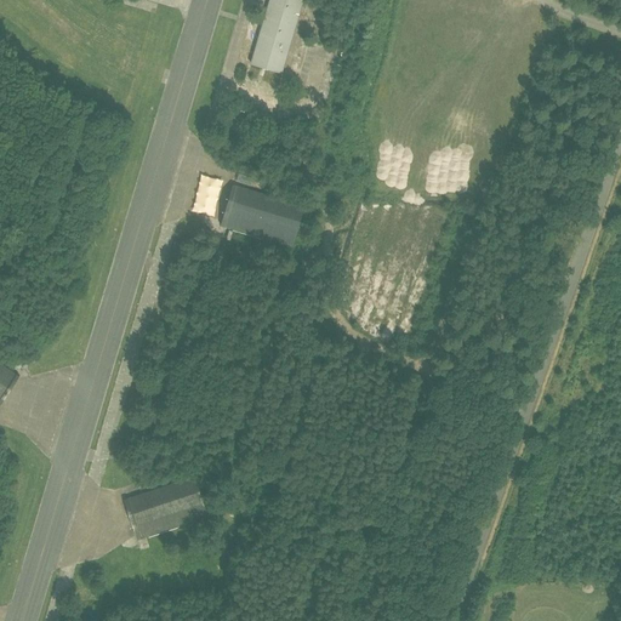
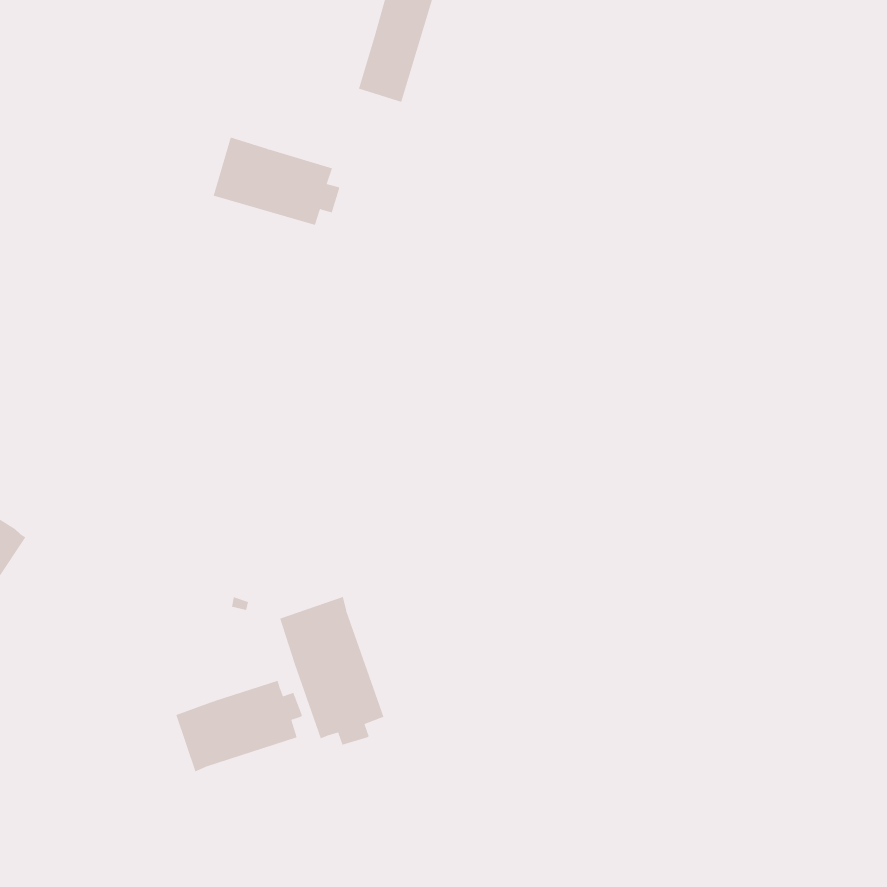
building: [220,183,308,245] -> [213,137,340,225]
building: none -> [280,596,384,746]

